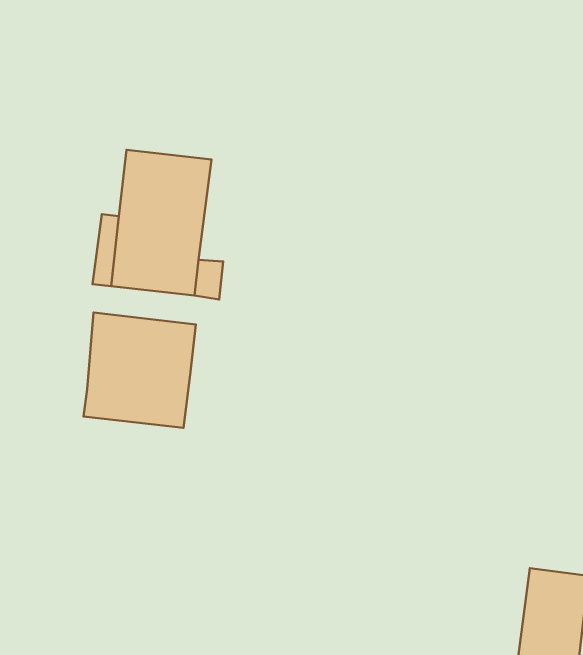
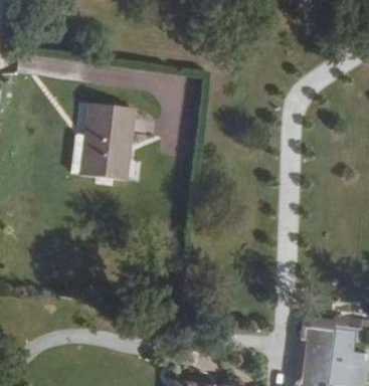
building: [84,312,196,428] -> none

